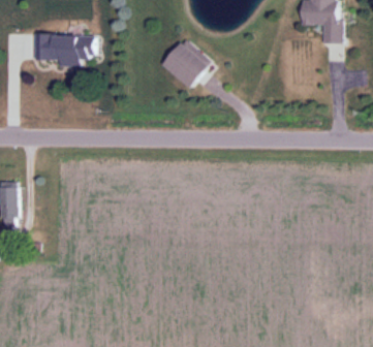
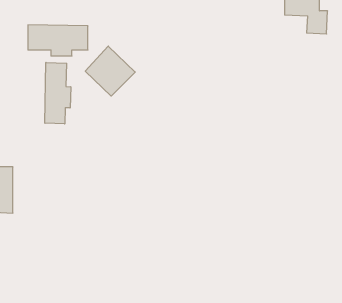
building: [160,37,212,89] -> [85,46,135,96]
building: none -> [45,62,71,124]

